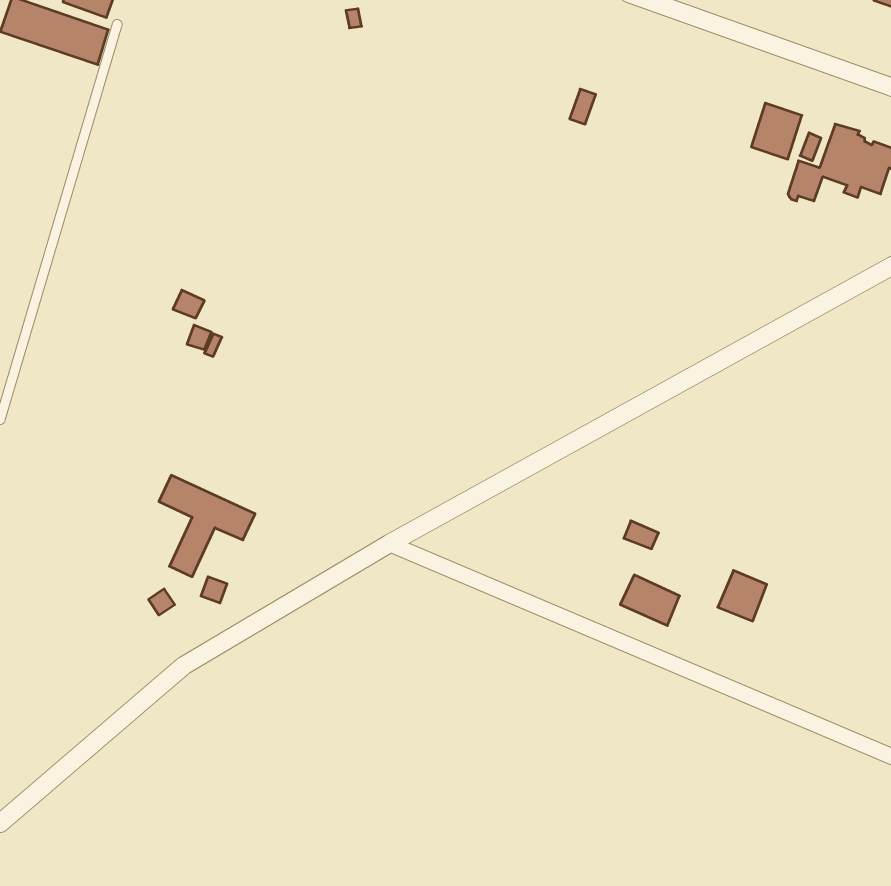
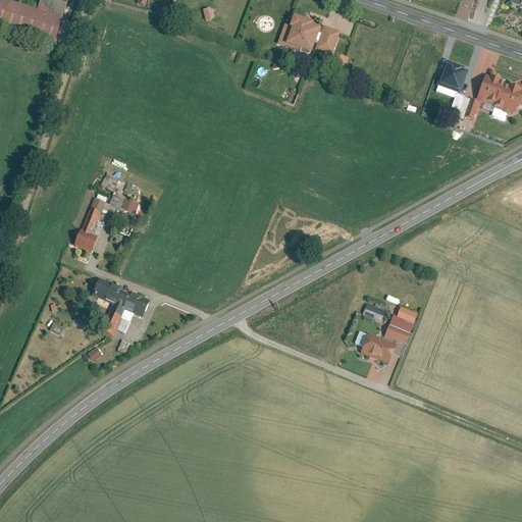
building: none -> [280,13,338,63]
building: none -> [74,205,102,250]
building: [718,570,767,621] -> [385,314,414,344]

